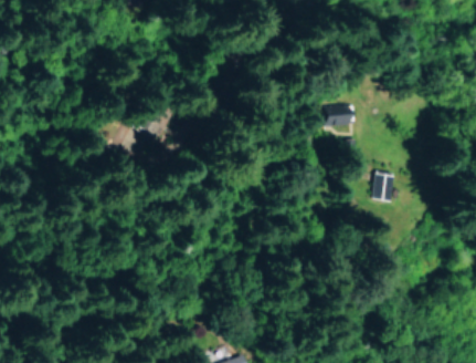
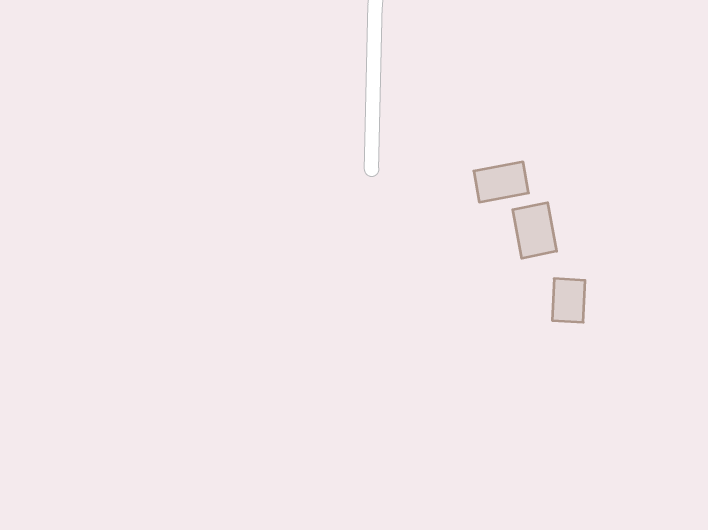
building: none -> [513,203,557,258]

